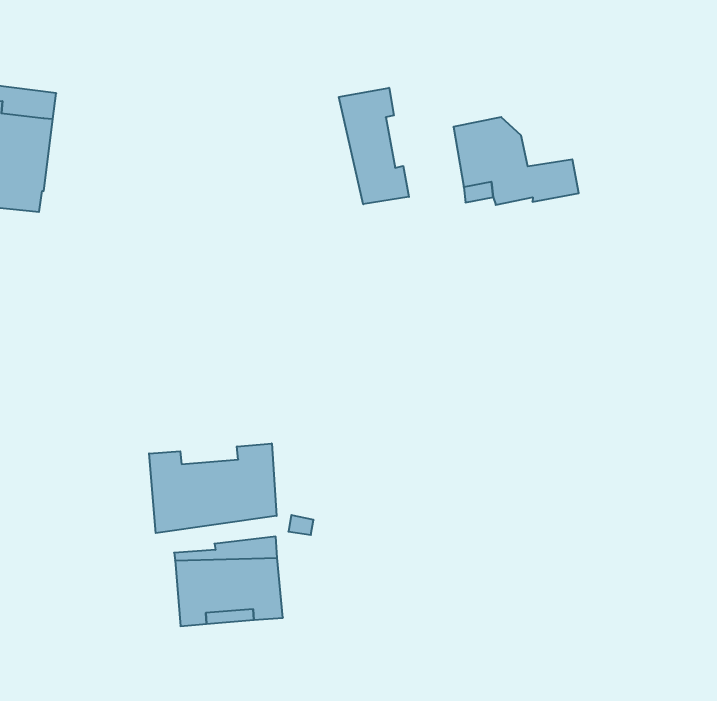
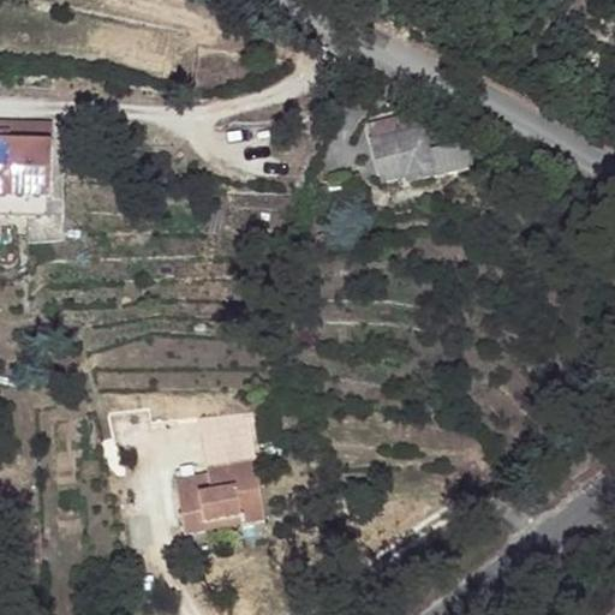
building: [339,88,409,204] -> none
building: [149,443,277,533] -> none

